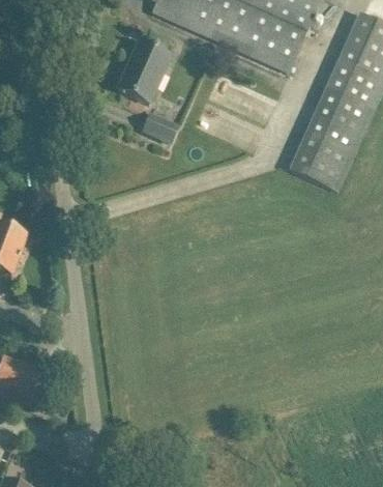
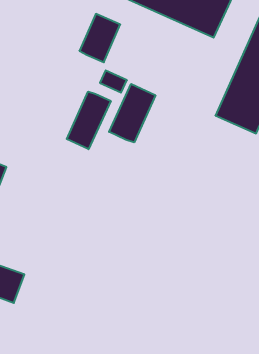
building: none -> [109,84,155,142]
building: none -> [67,92,111,149]

